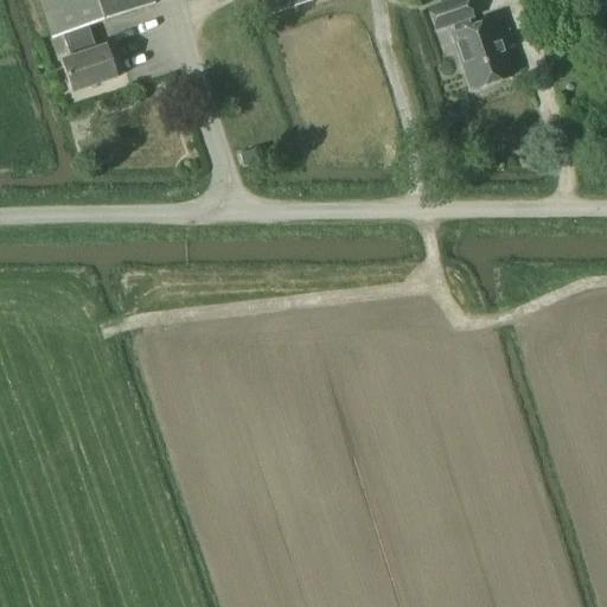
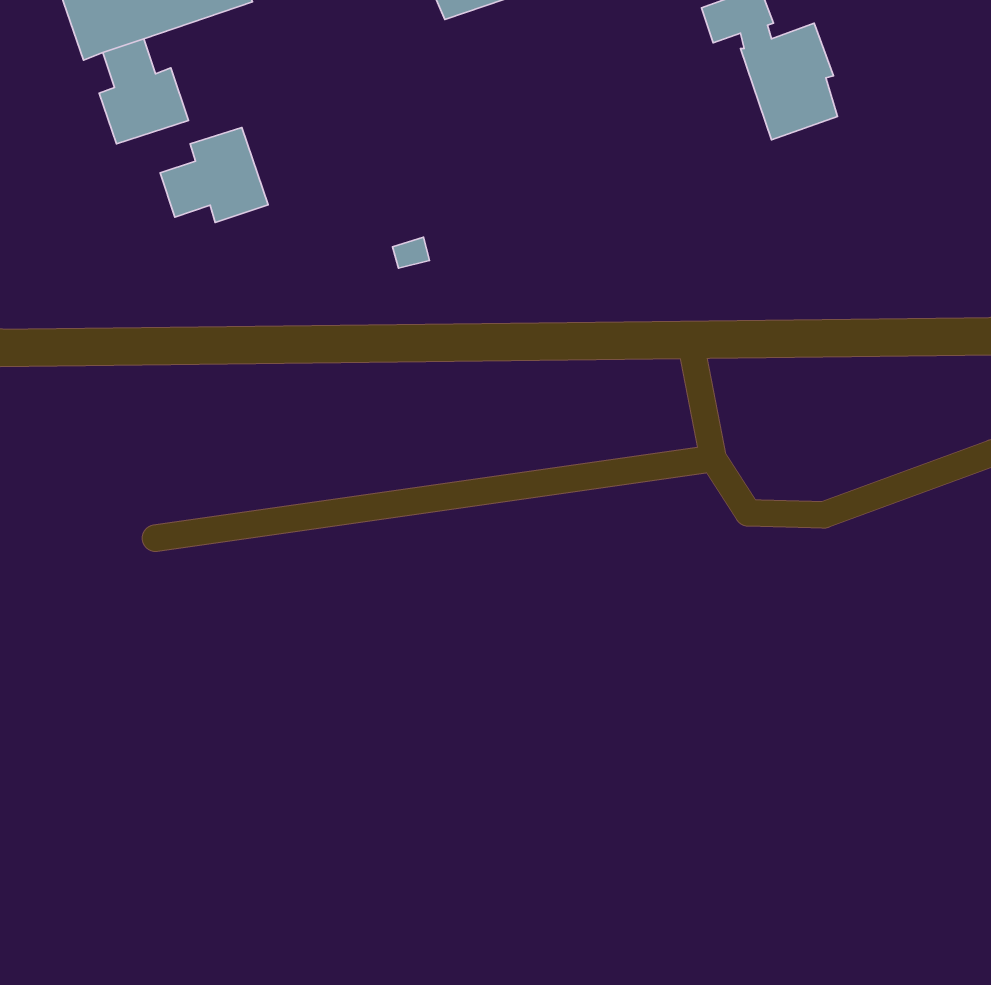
building: none -> [160,127,268,223]

